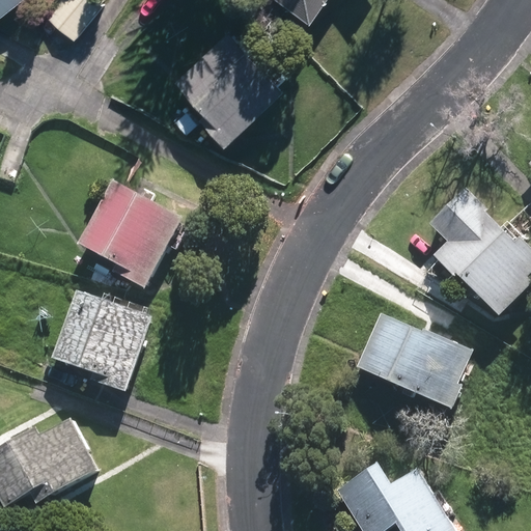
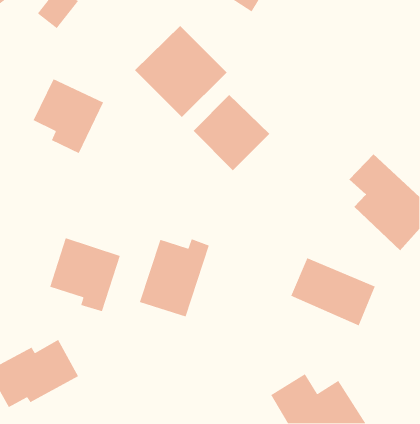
building: none -> [193,94,270,171]
building: [84,189,173,283] -> [32,78,104,154]
building: none -> [139,238,210,318]

